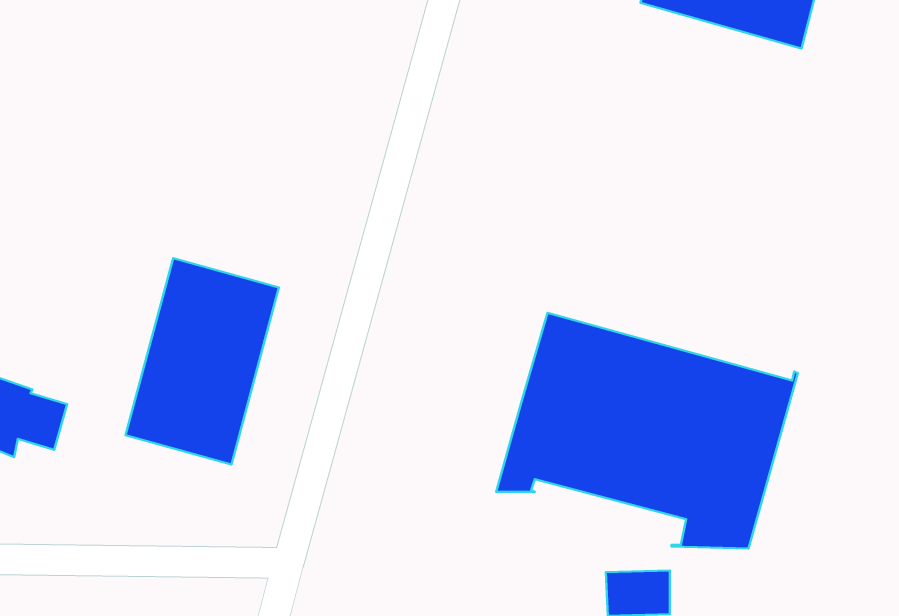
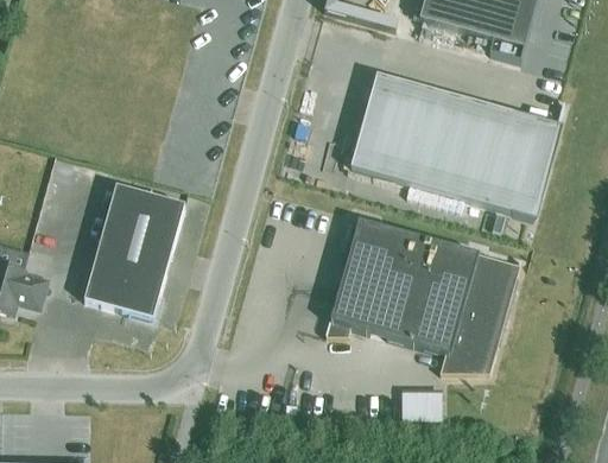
building: none -> [349,72,558,217]

